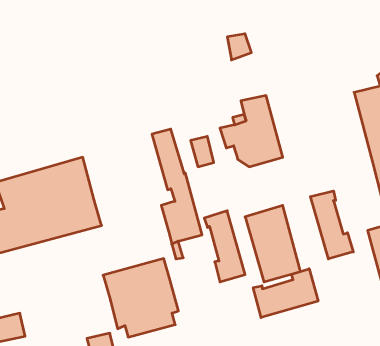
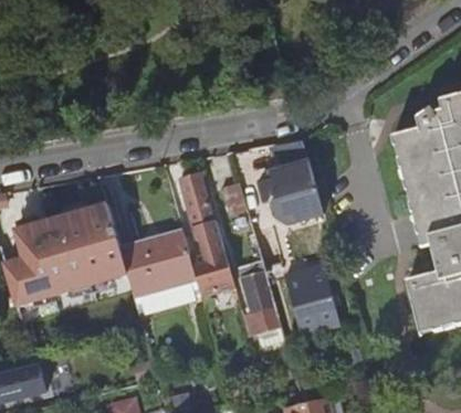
building: [310,191,353,259] -> none
building: [103,259,178,337] -> [119,231,199,314]
building: [253,269,318,318] -> none

